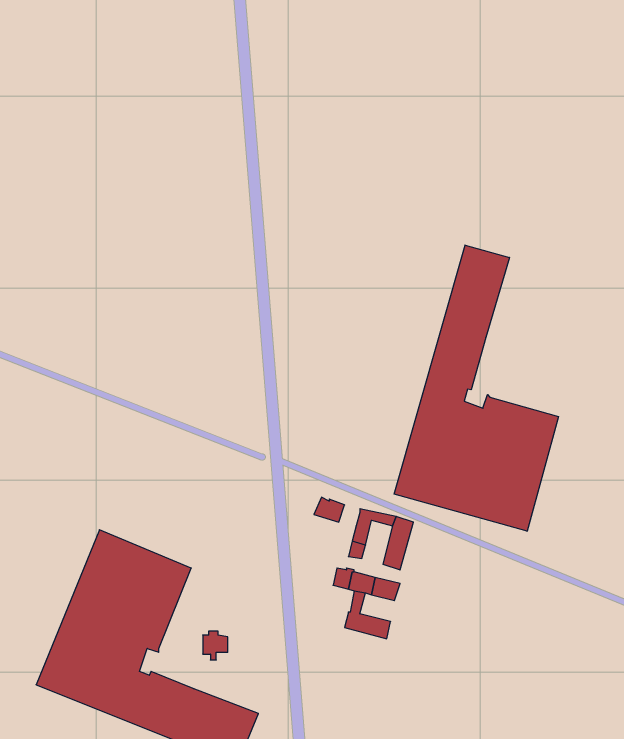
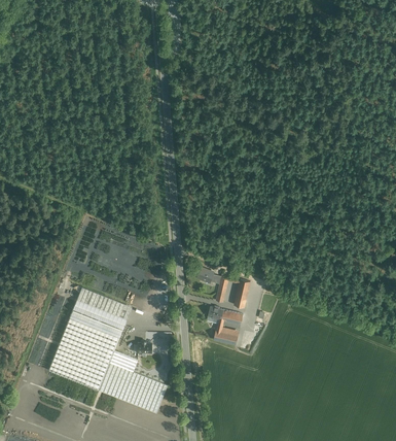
building: [394,245,559,531] -> none
building: none -> [105,350,139,372]

